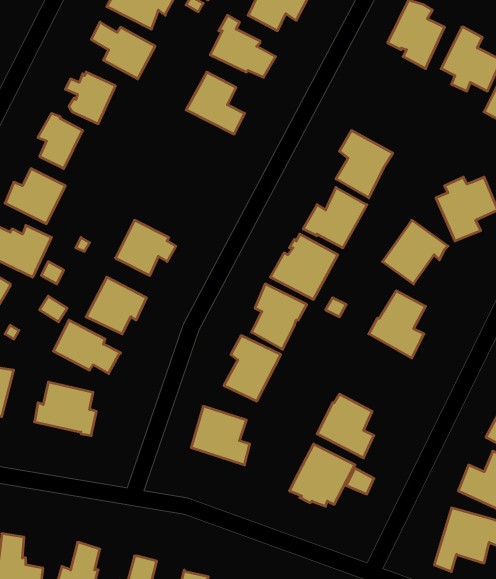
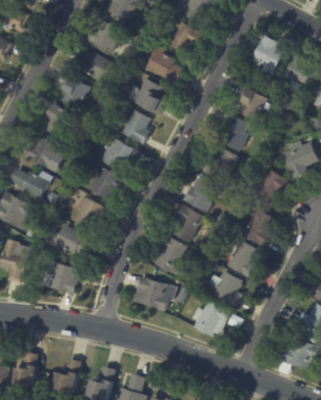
building: none -> [235,84,266,120]
building: none -> [117,108,151,144]
building: none -> [100,136,141,168]
building: none -> [227,240,258,278]

